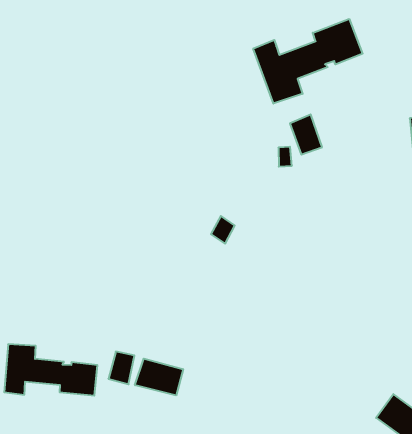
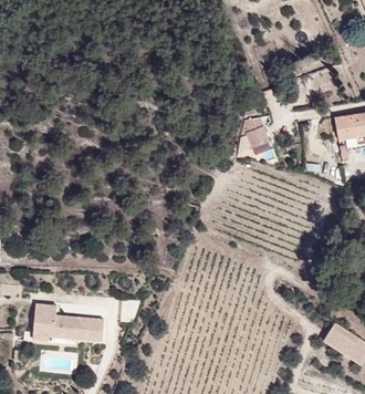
building: [253,19,363,104] -> none
building: [135,359,183,395] -> none

